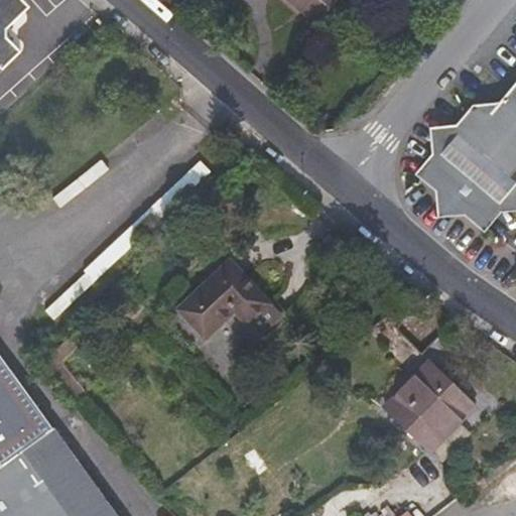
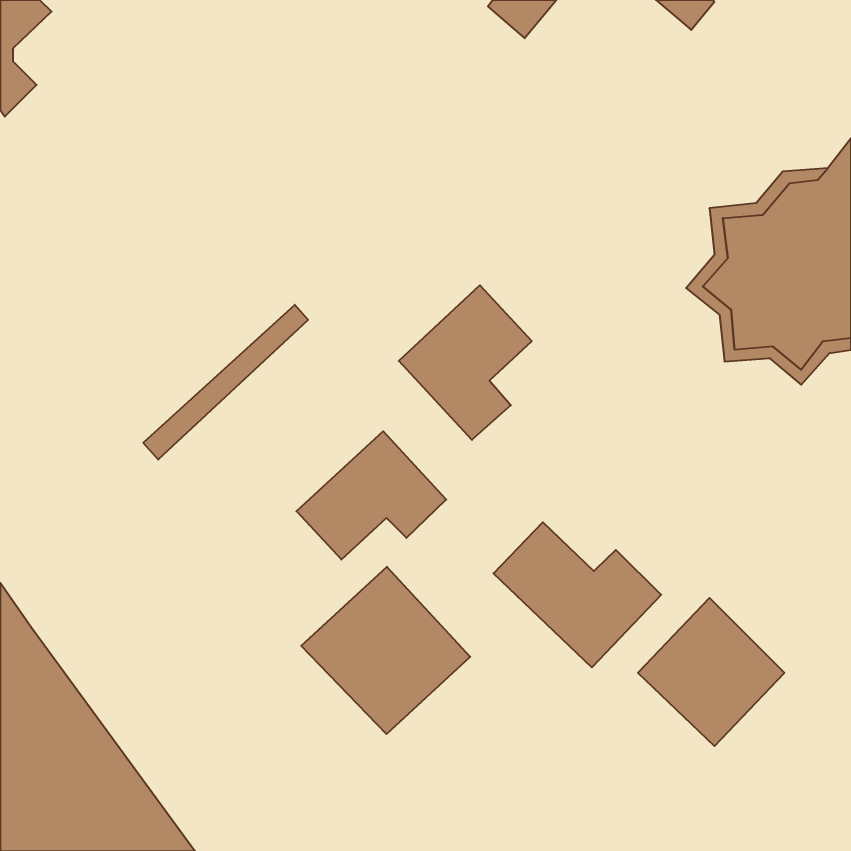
building: none -> [399,285,532,440]
building: none -> [493,522,661,667]
building: none -> [301,567,470,734]

